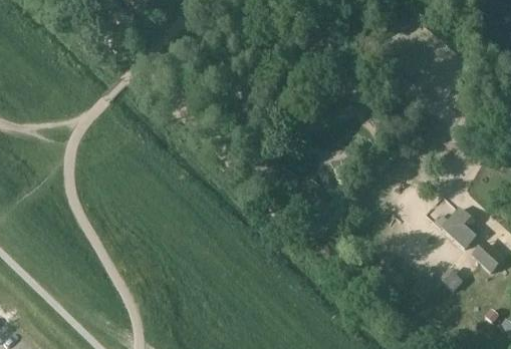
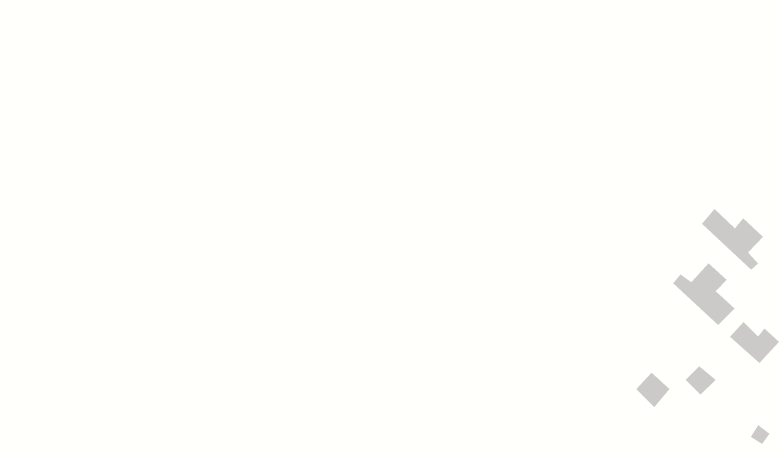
building: none -> [701,208,764,270]

